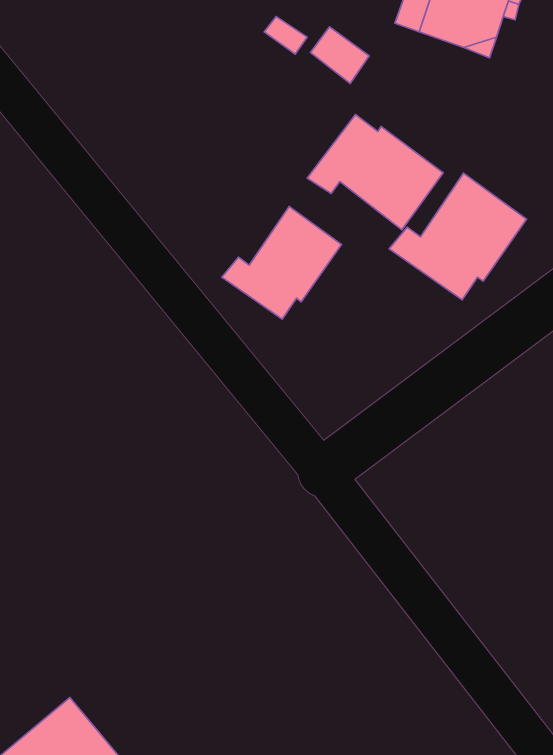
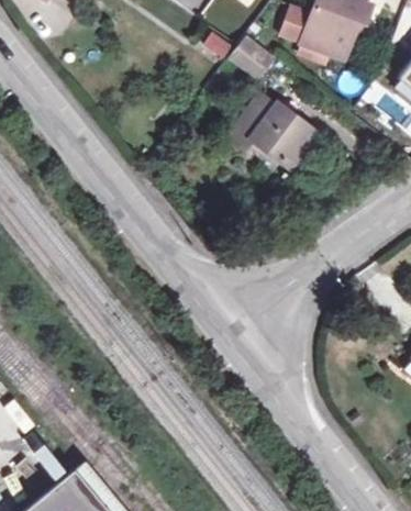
building: [389,173,527,300] -> none
building: [222,207,341,319] -> none

